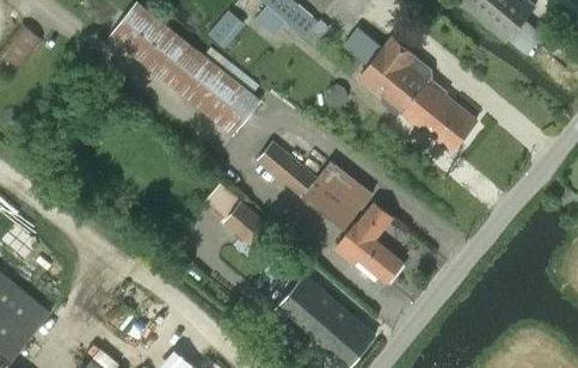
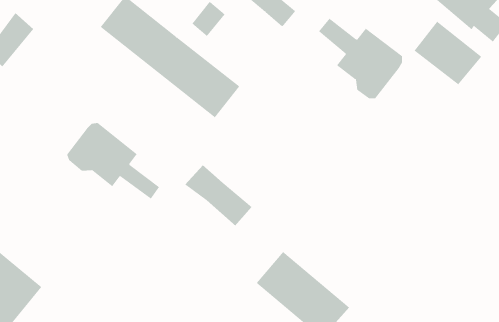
building: [402,81,475,149] -> [413,21,482,85]
building: none -> [66,122,160,199]
building: [257,141,371,229] -> none
building: [336,203,402,283] -> none

